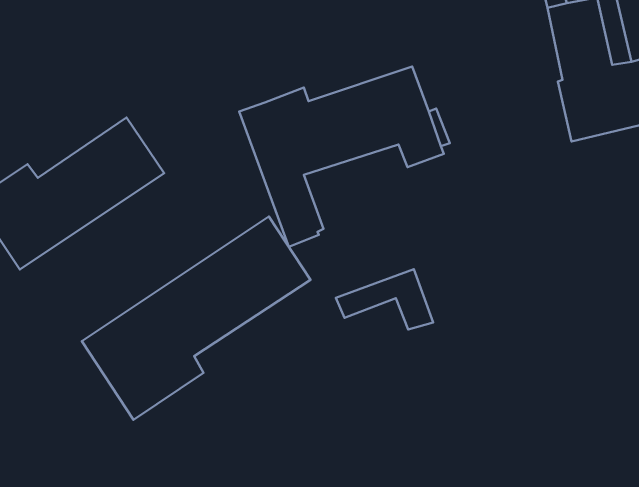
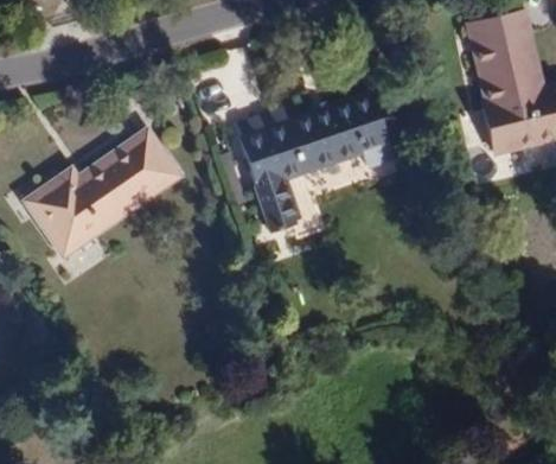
building: [82,216,310,420] -> none
building: [336,269,433,330] -> none

